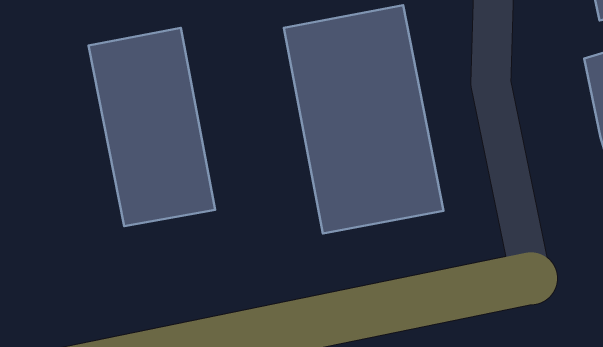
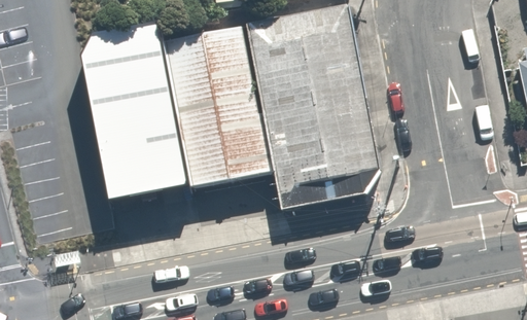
building: none -> [165,28,274,185]

